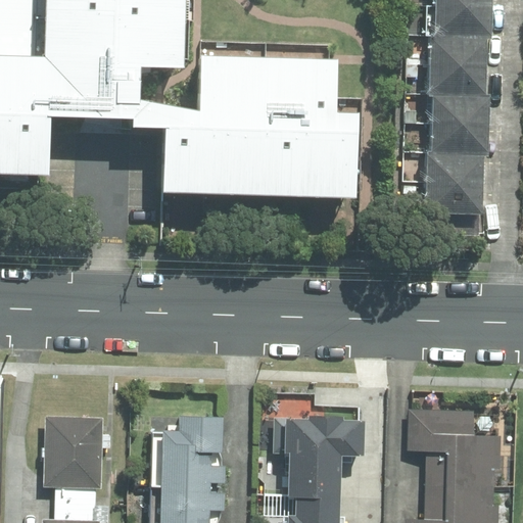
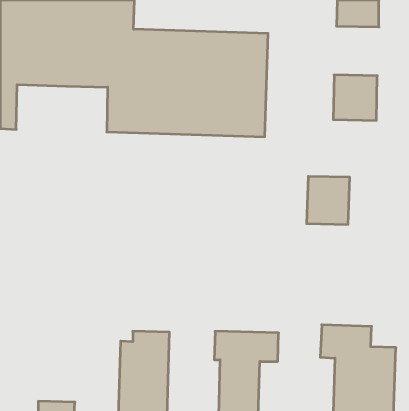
building: [425,39,484,99] -> none
building: [425,157,479,218] -> [307,176,350,224]
building: [45,423,105,509] -> none

